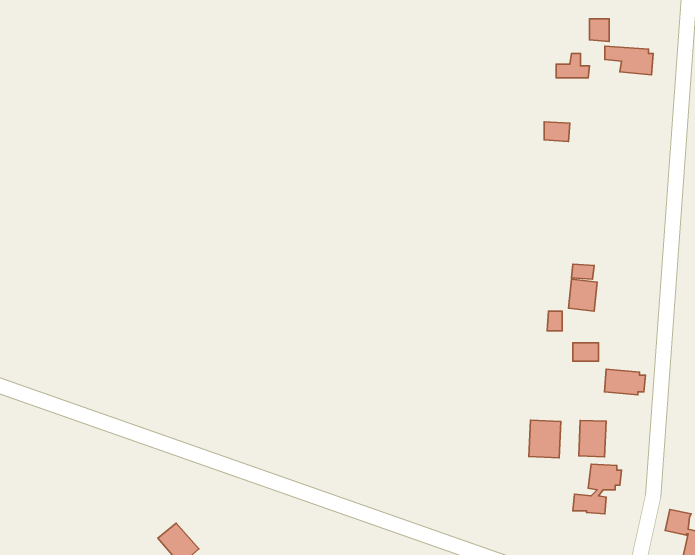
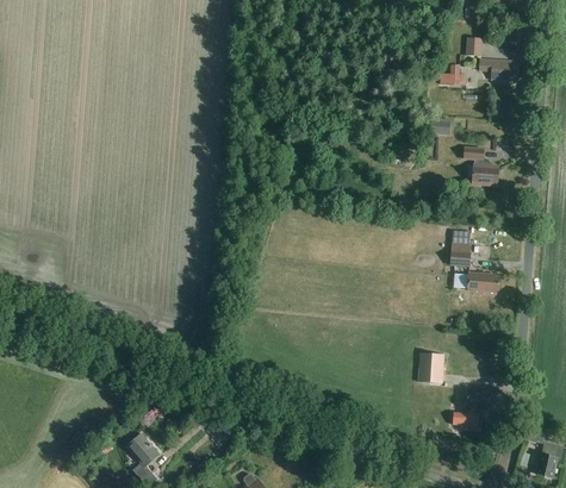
building: none -> [464,148,498,186]
building: [605,369,645,395] -> [467,273,499,293]
building: [579,420,606,457] -> none

